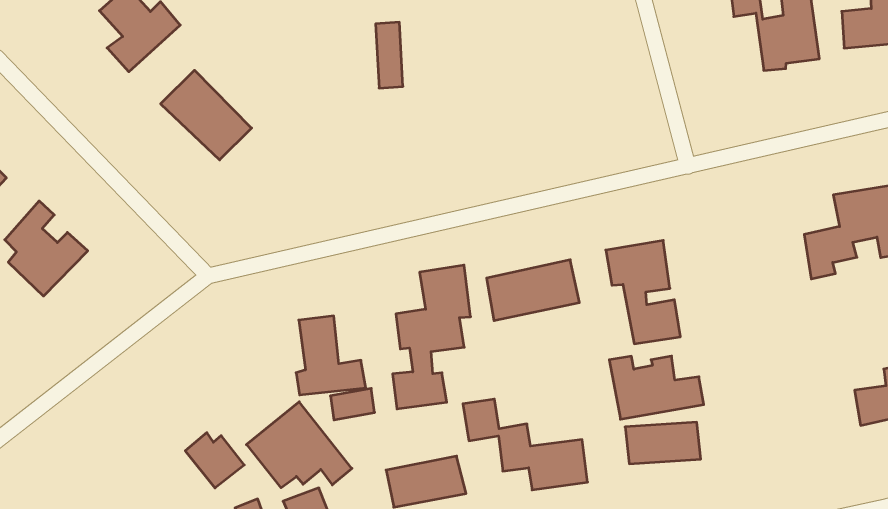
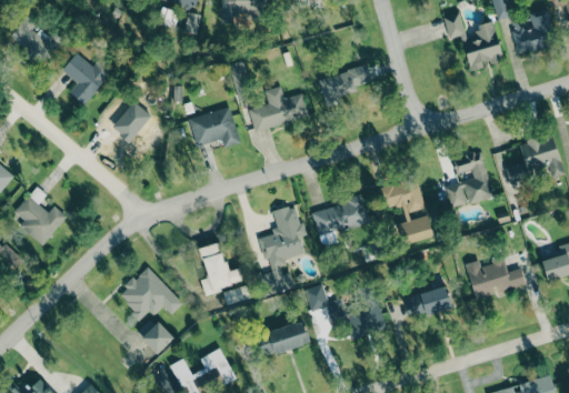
building: none -> [317,67,371,104]
building: none -> [248,87,308,132]
building: none -> [188,108,239,148]
building: none -> [445,152,492,209]
building: [609,356,704,419] -> [465,258,525,299]
building: [246,402,352,488] -> [117,266,182,320]

